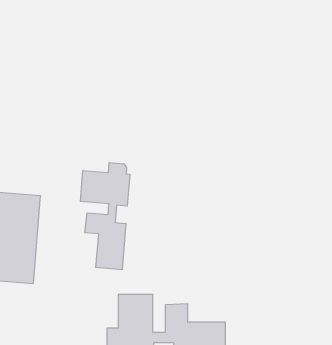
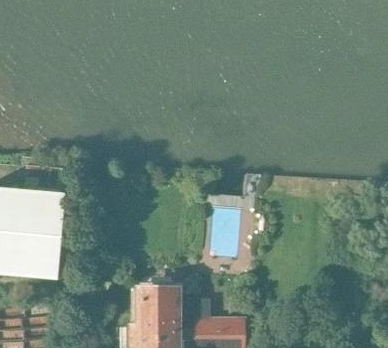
building: [80,163,130,270] -> none

